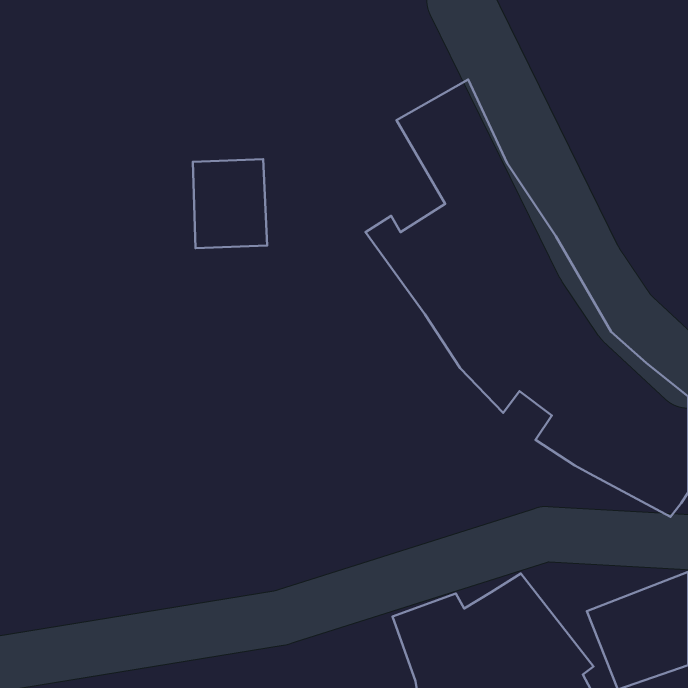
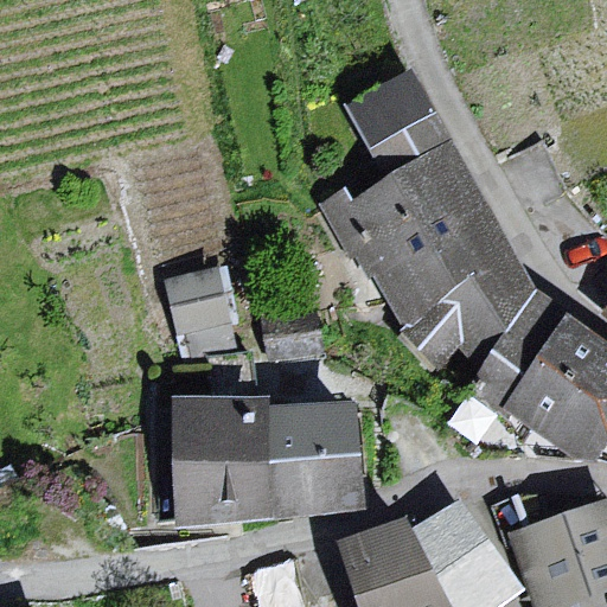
building: [193,159,267,248] -> [172,261,237,339]
building: none -> [178,400,359,523]

